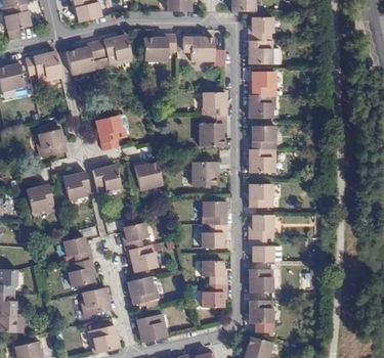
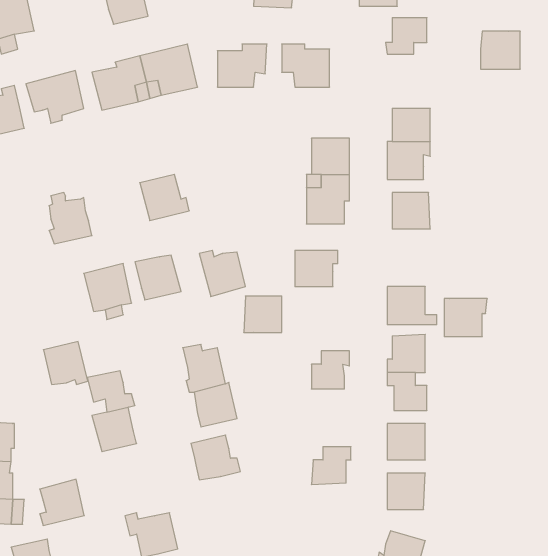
building: [249,41,273,64] -> [481,31,520,69]
building: [250,149,276,173] -> [444,299,487,337]
building: [28,186,55,213] -> [43,342,88,384]
building: [203,203,226,225] -> [244,296,282,332]
building: [203,261,227,284] -> none
building: [83,287,111,316] -> [40,479,84,525]
building: [137,314,165,343] -> none

